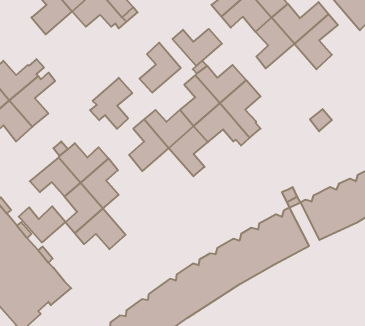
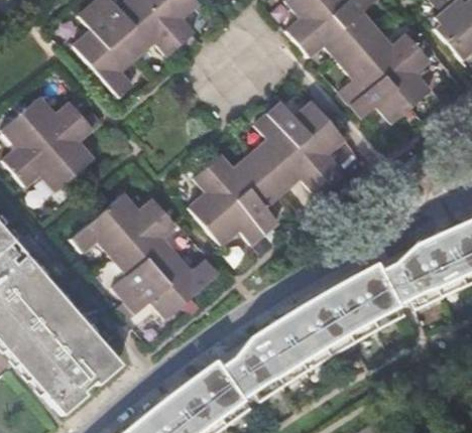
building: [173,29,222,66] -> none
building: [140,43,181,93] -> none
building: none -> [350,75,410,121]
building: [90,78,132,129] -> [86,36,136,97]
building: none -> [204,198,264,245]
building: none -> [156,254,217,301]
building: [19,206,65,242] -> none

